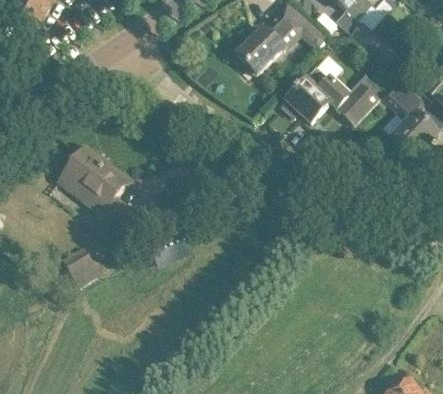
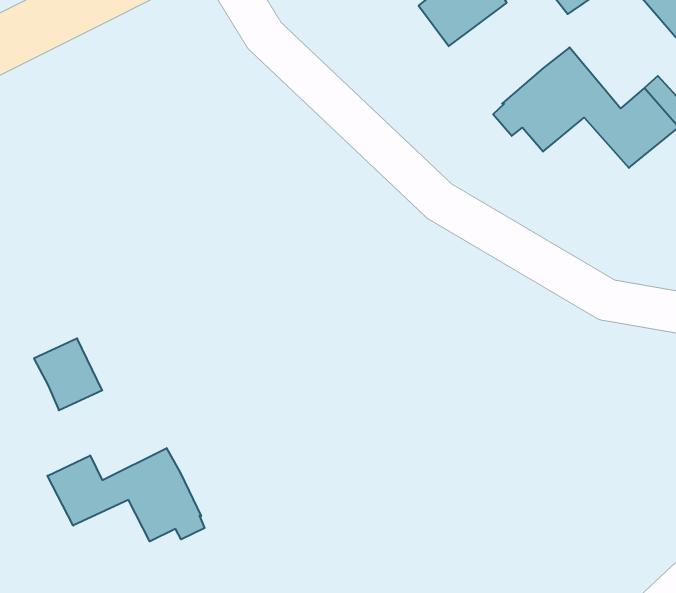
building: [61,146,133,229] -> none
building: none -> [47,448,205,541]

